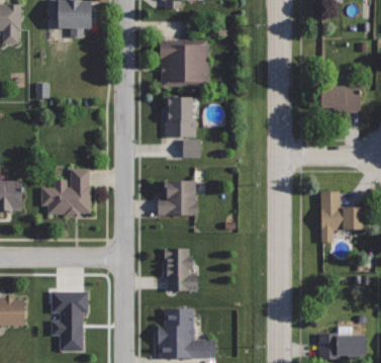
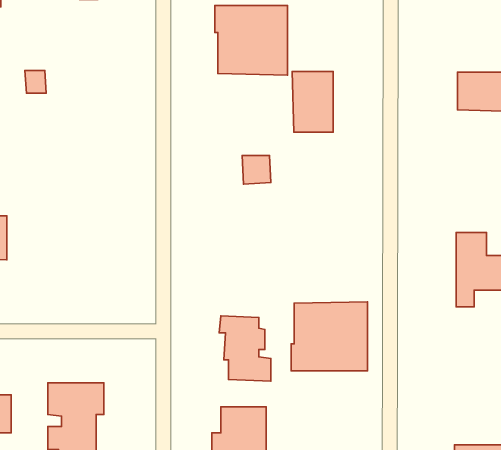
building: [164,97,191,138] -> [292,72,333,132]
building: [40,169,90,216] -> none
building: [158,182,195,215] -> none
building: none -> [291,302,367,371]

